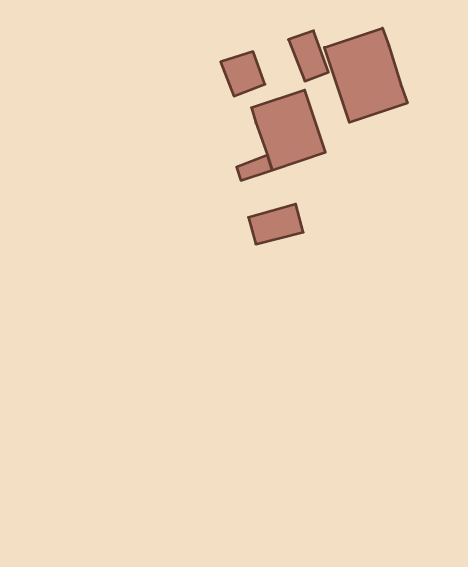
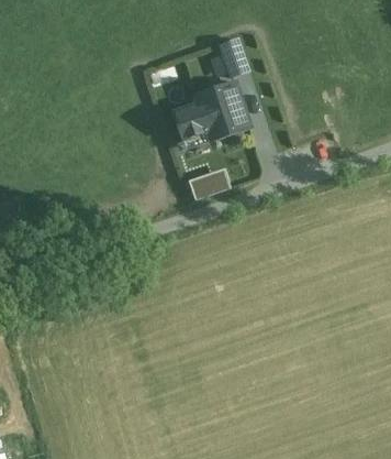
building: [324,28,407,122] -> none
building: [221,52,265,96] -> [174,103,206,136]

